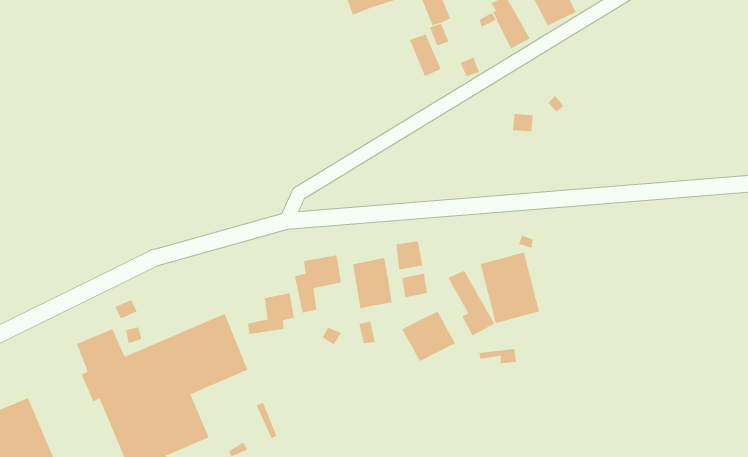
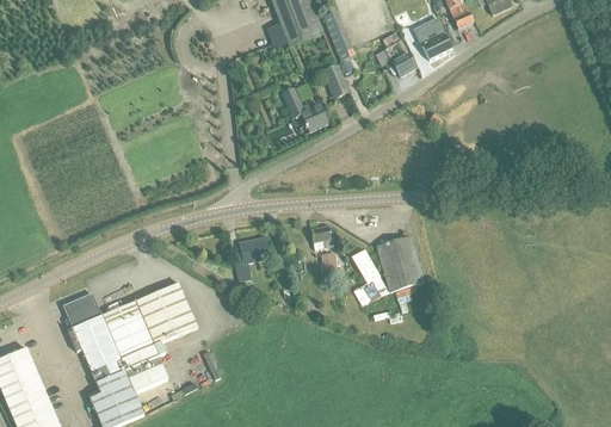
building: none -> [280,88,327,132]
building: [353,257,392,309] -> none
building: [247,292,295,335] -> none
building: [401,311,456,362] -> none

